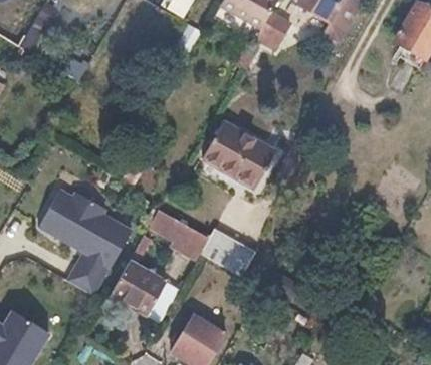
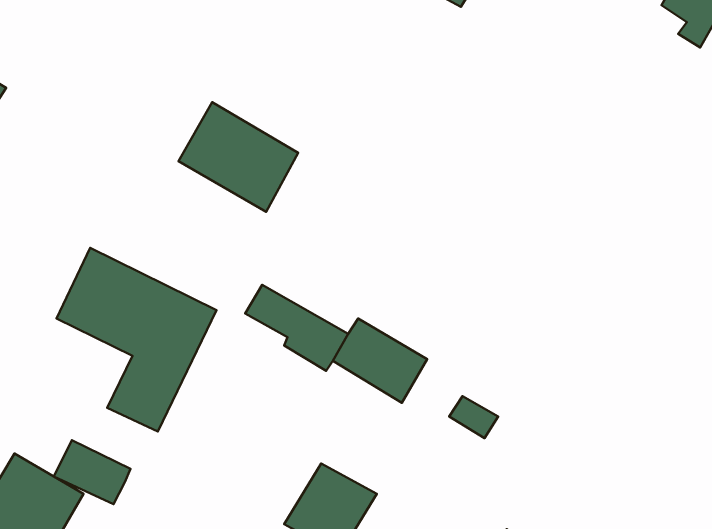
building: [202,121,273,187] -> [179,102,298,212]
building: [110,258,166,313] -> none
building: none -> [54,440,130,504]

